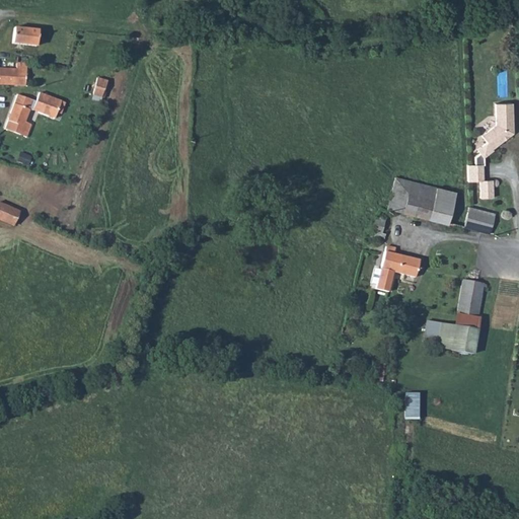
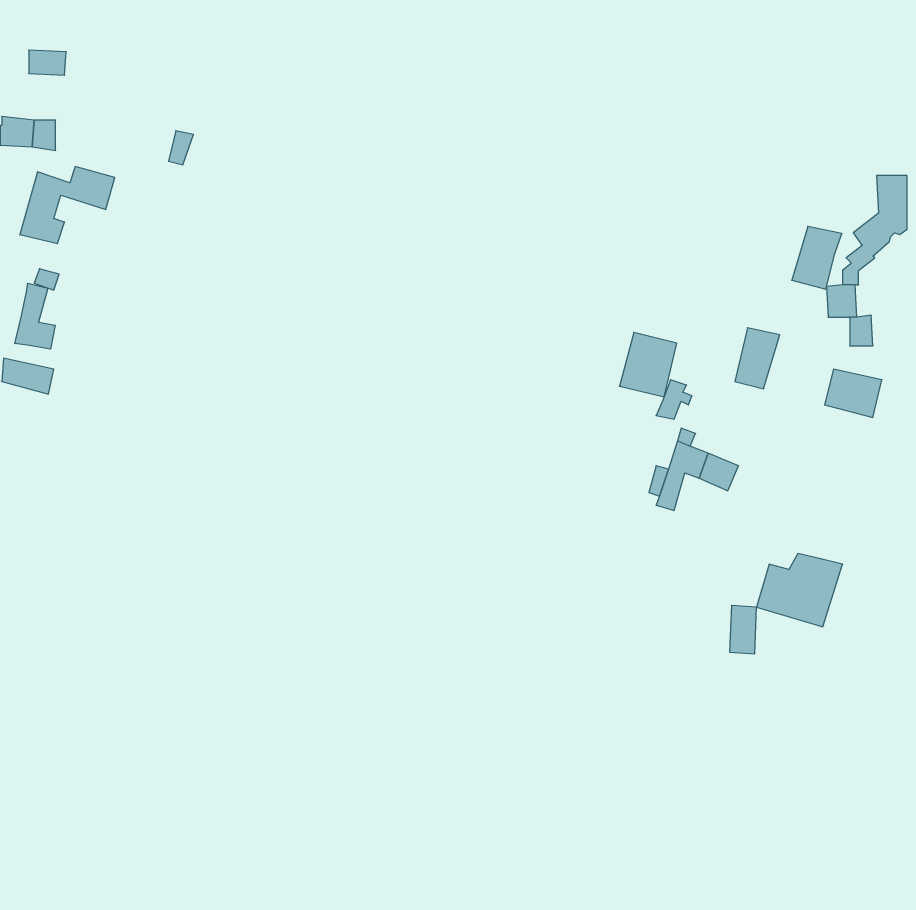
building: none -> [15,283,55,349]
building: [390,179,423,216] -> [619,332,677,397]
building: [432,190,460,225] -> [792,226,842,289]
building: [451,278,486,319] -> none
building: [403,389,419,417] -> [730,605,756,654]

